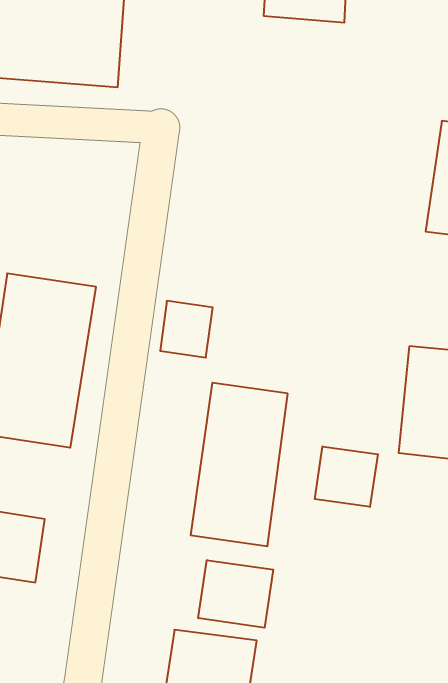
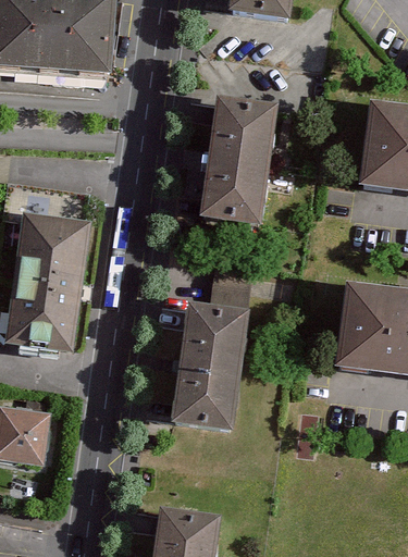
building: none -> [200,94,279,220]
building: [160,301,213,358] -> [210,267,252,312]
building: [315,446,378,507] -> none
building: [198,560,273,628] -> none

